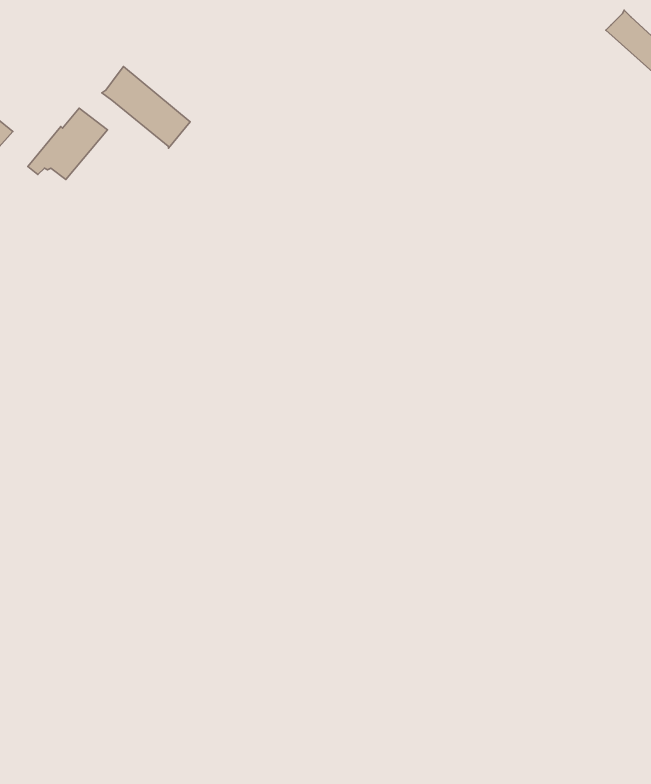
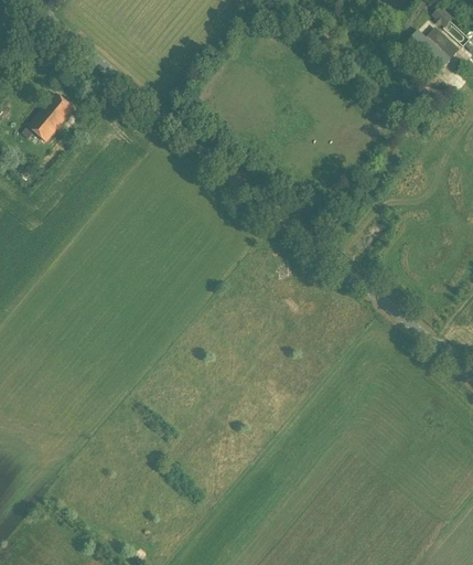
building: [102,66,190,148] -> none

